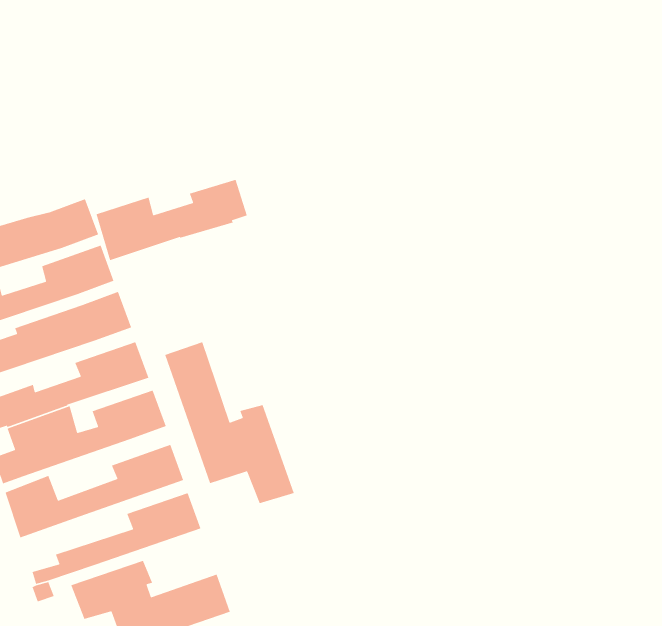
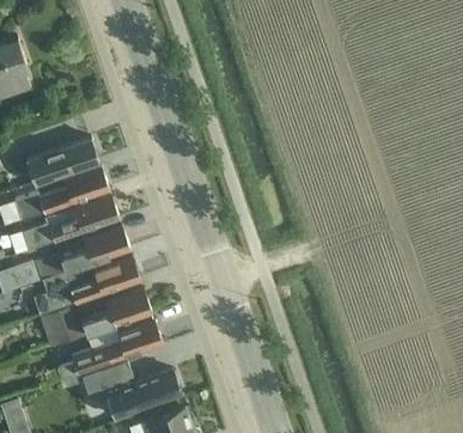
building: [95,179,248,261] -> none
building: [164,341,295,504] -> none

